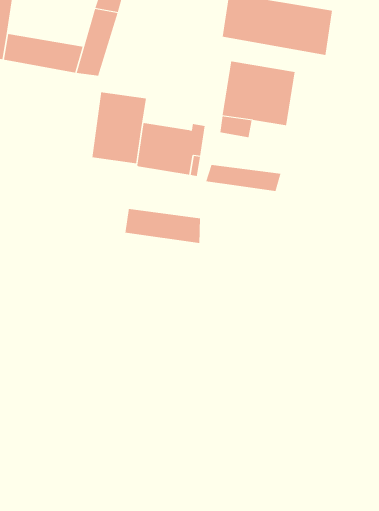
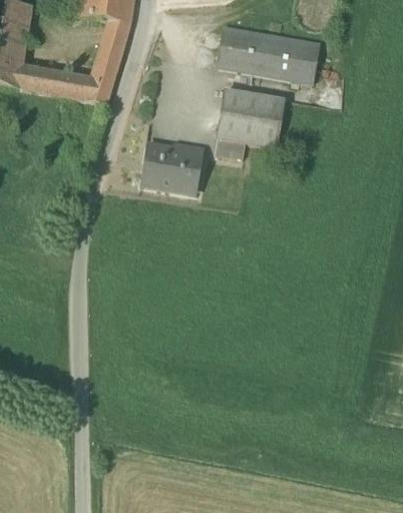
building: [92,92,147,164] -> none
building: [205,164,281,192] -> none
building: [125,208,200,244] -> none

